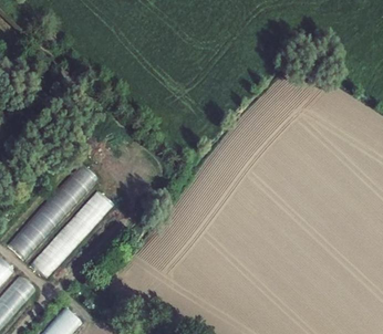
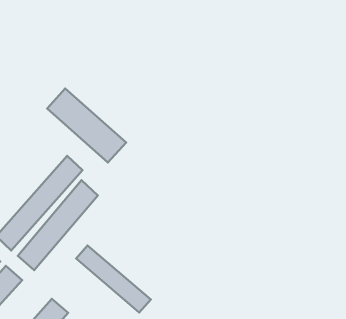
building: none -> [47,88,126,163]
building: none -> [76,246,151,313]

